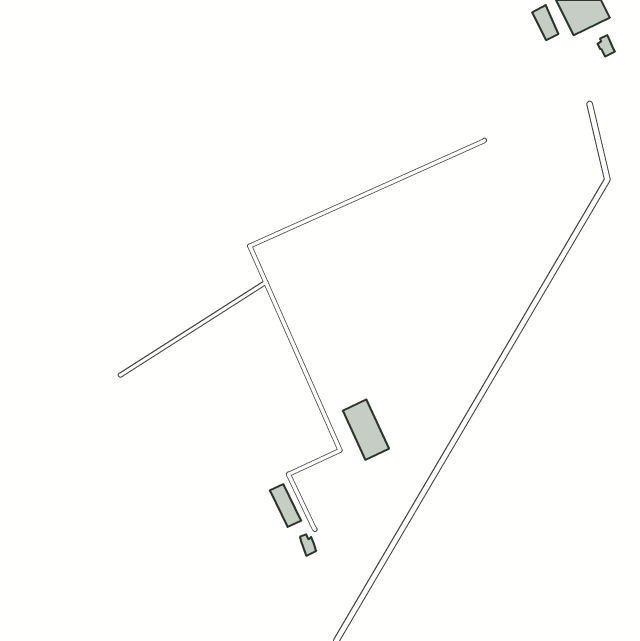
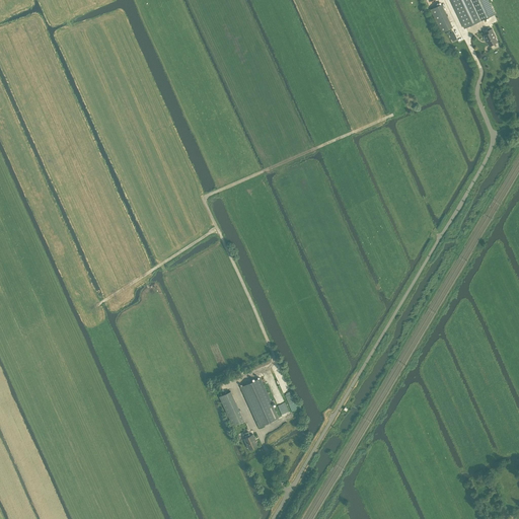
building: [343,400,389,460] -> [239,378,277,427]

